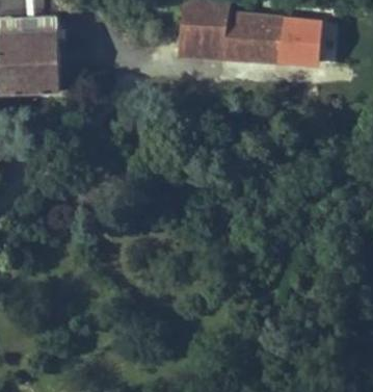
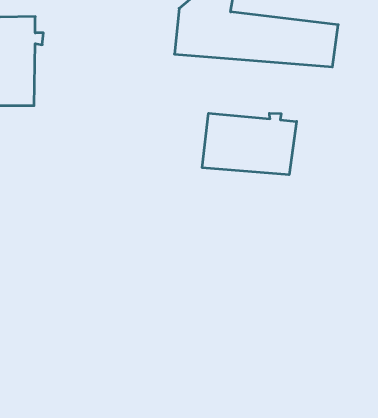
building: none -> [202,113,297,175]

